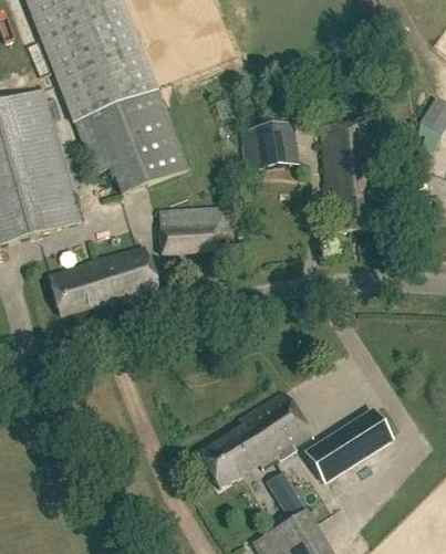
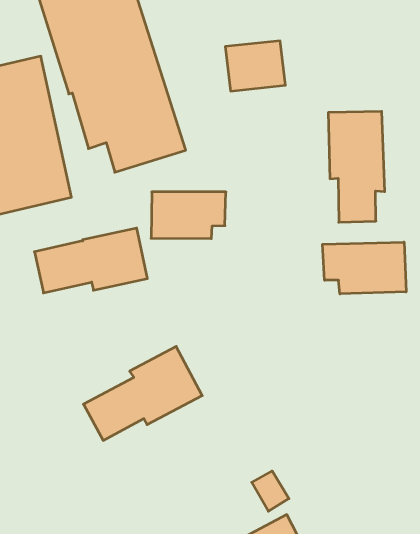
building: [240,122,300,173] -> [225,41,285,91]
building: none -> [323,242,406,294]
building: [198,391,311,485] -> [83,346,202,440]
building: [305,409,392,483] -> none

